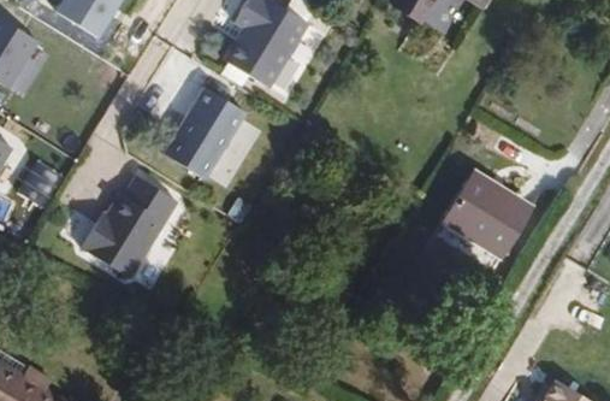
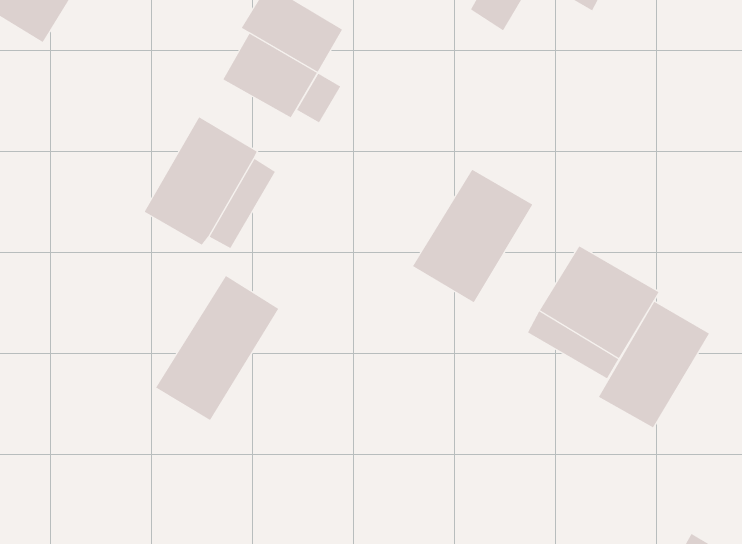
building: none -> [412,169,533,303]
building: [85,173,174,278] -> [155,275,279,421]
building: none -> [598,301,710,428]

